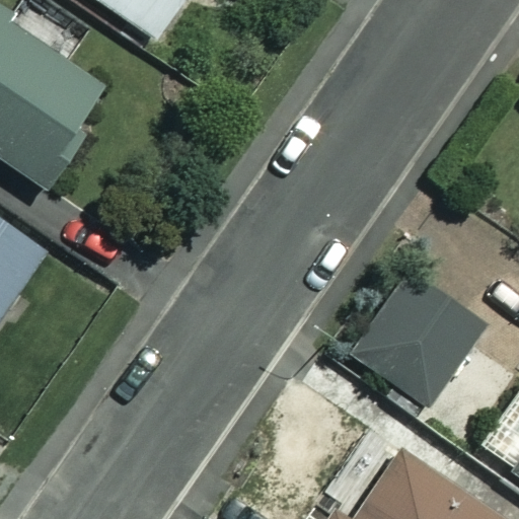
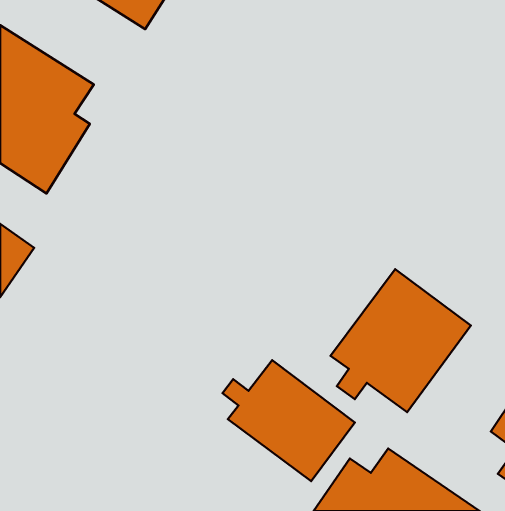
building: none -> [222,360,355,481]

